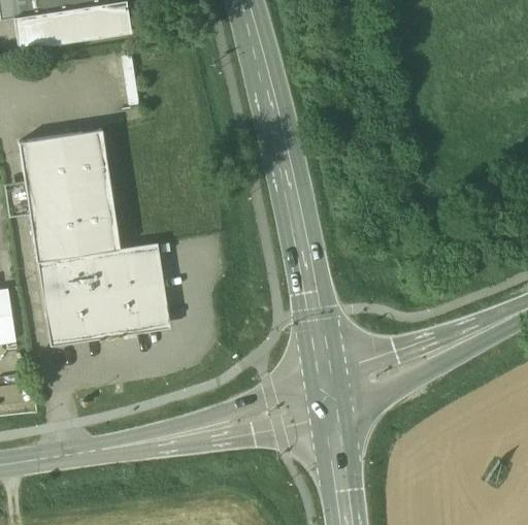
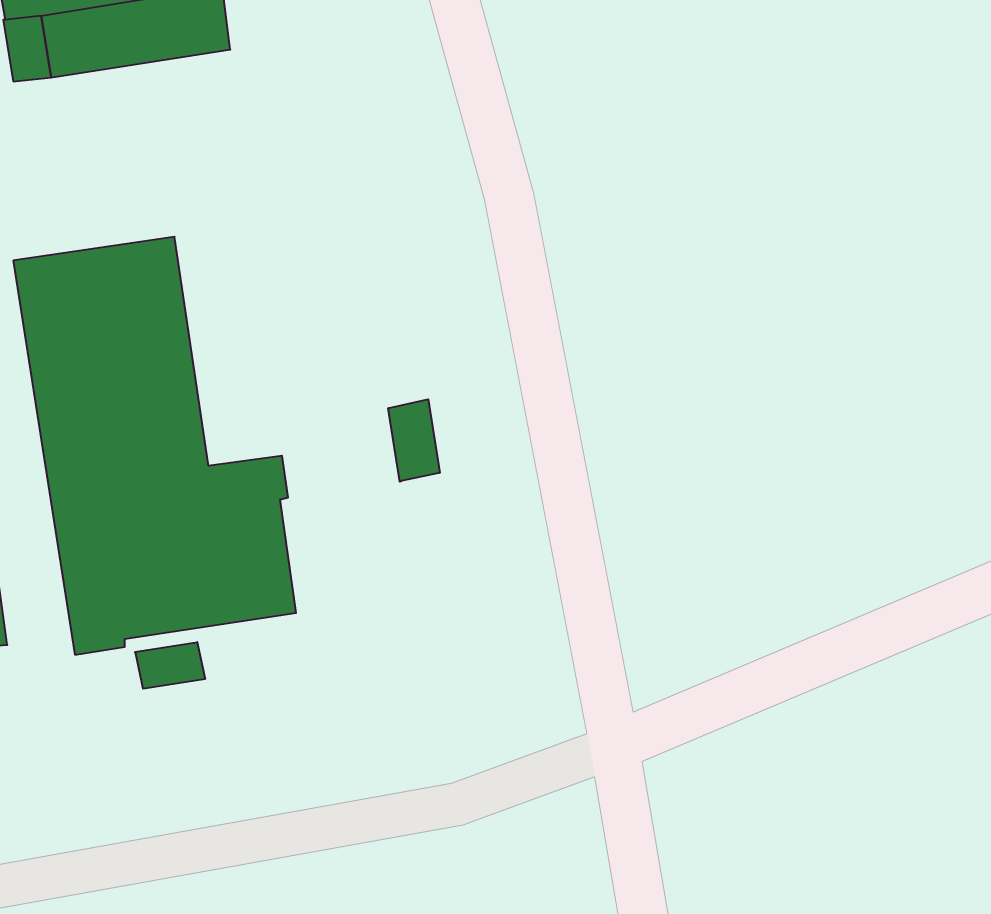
building: none -> [388,399,440,482]
building: none -> [135,642,205,689]

